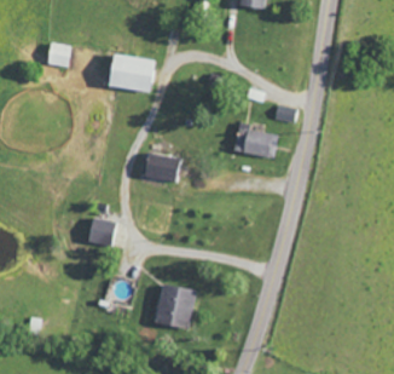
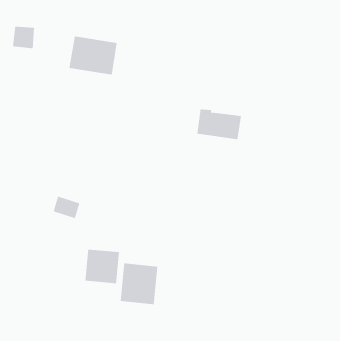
building: [144,154,179,182] -> none
building: none -> [85,249,120,284]

